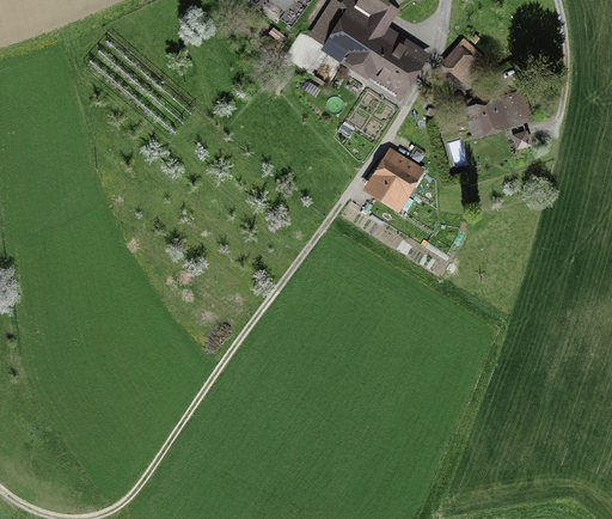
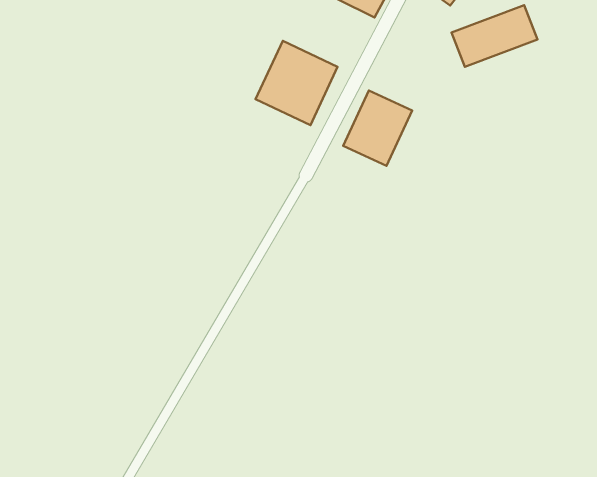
building: none -> [256,41,338,125]

